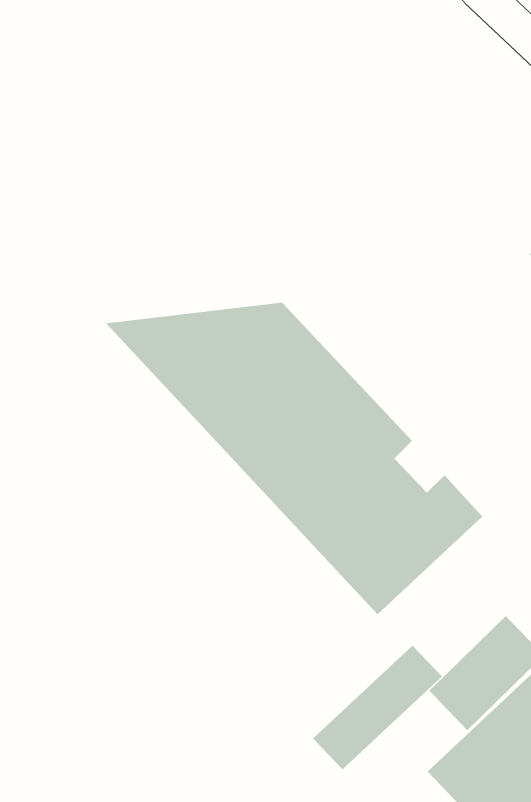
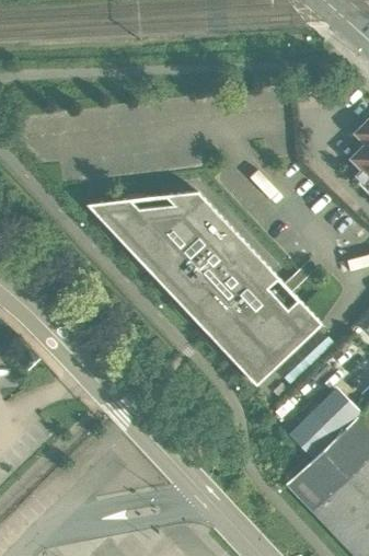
building: [312,645,443,770] -> none

